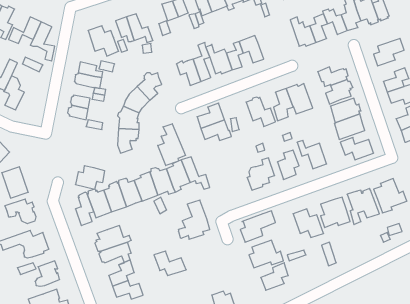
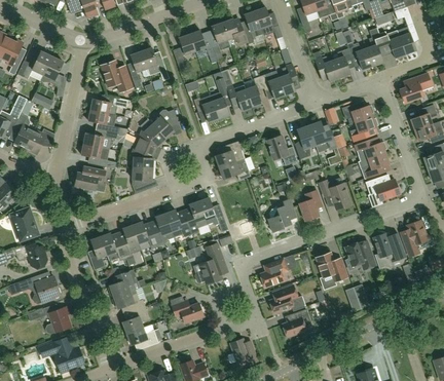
building: none -> [279,64,300,94]
building: none -> [25,128,54,154]
building: [158,124,185,166] -> none
building: [75,166,105,189] -> [74,165,105,190]

